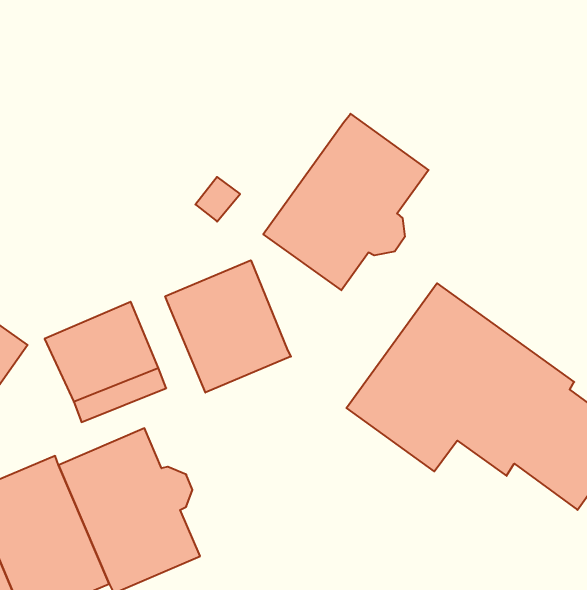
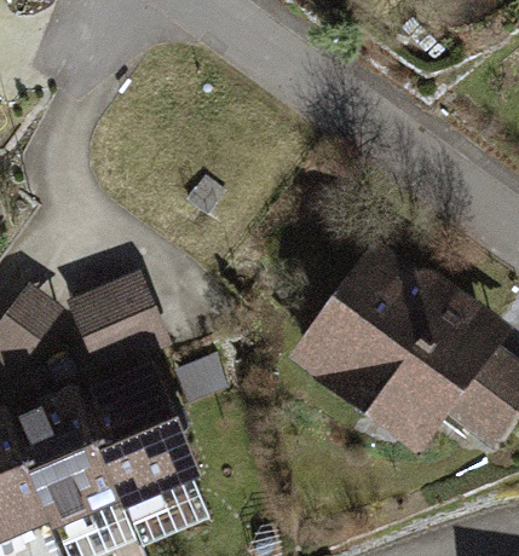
building: [263,114,429,290] -> none
building: [165,260,291,393] -> none

